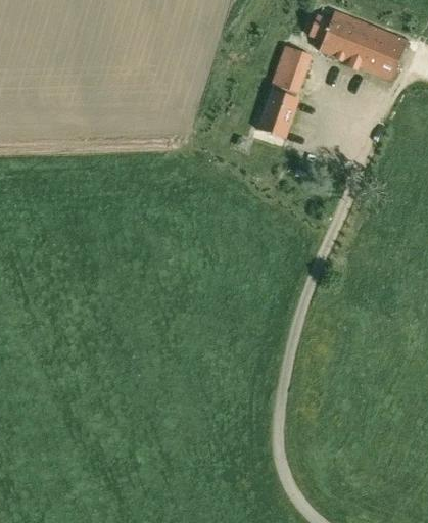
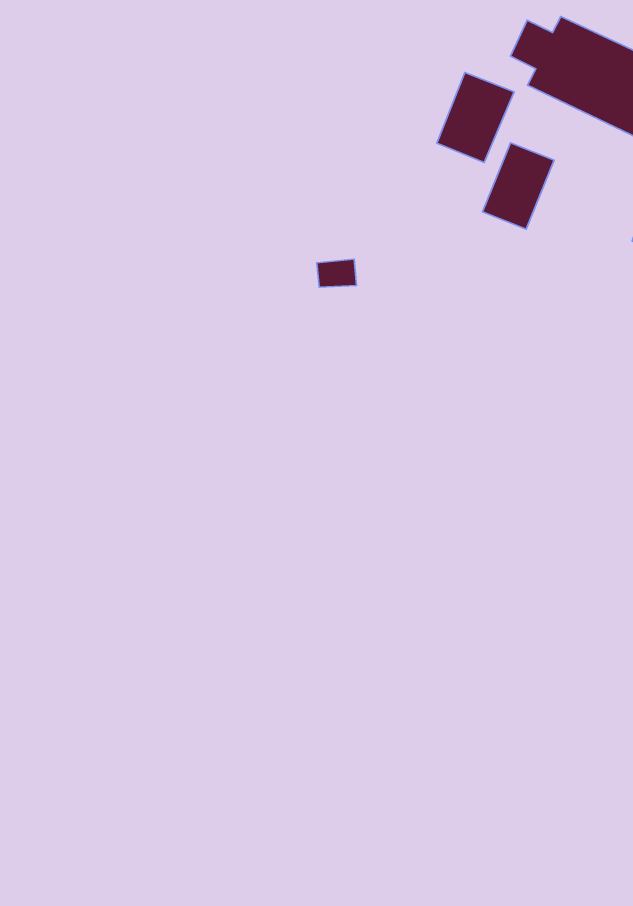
building: [258,91,296,138] -> [483,143,554,229]

